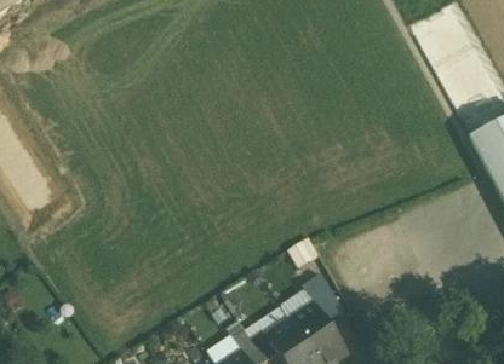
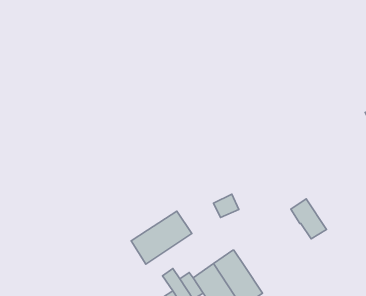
building: none -> [131,211,192,264]
building: [302,272,344,319] -> [291,199,326,239]

